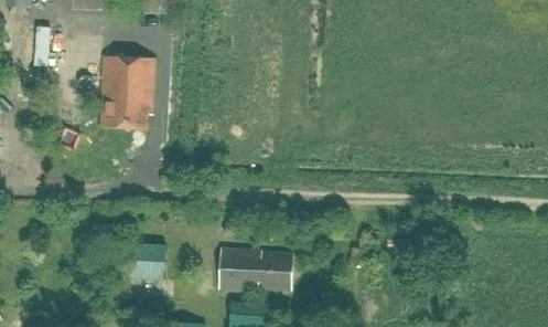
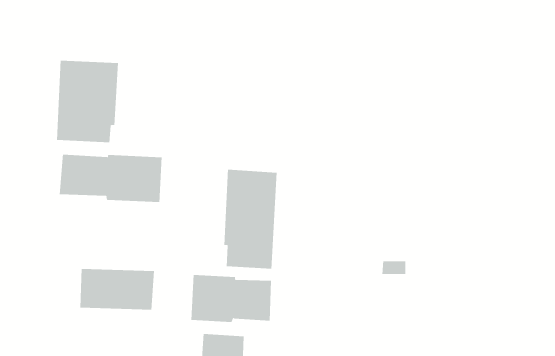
building: none -> [59,154,162,203]
building: none -> [224,169,277,269]

